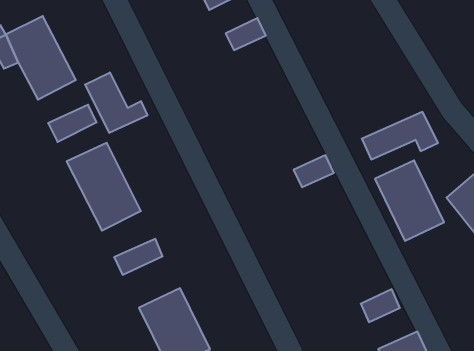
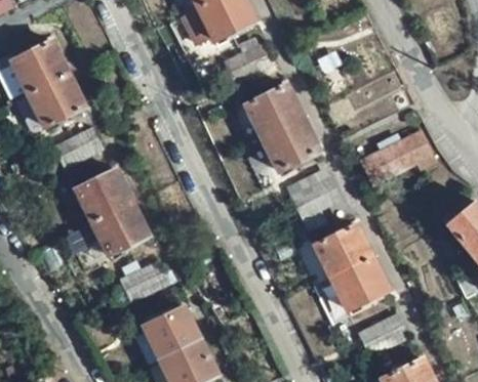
building: none -> [248,85,319,168]
building: [85,72,147,133] -> none
building: [375,160,444,241] -> [319,224,388,304]

